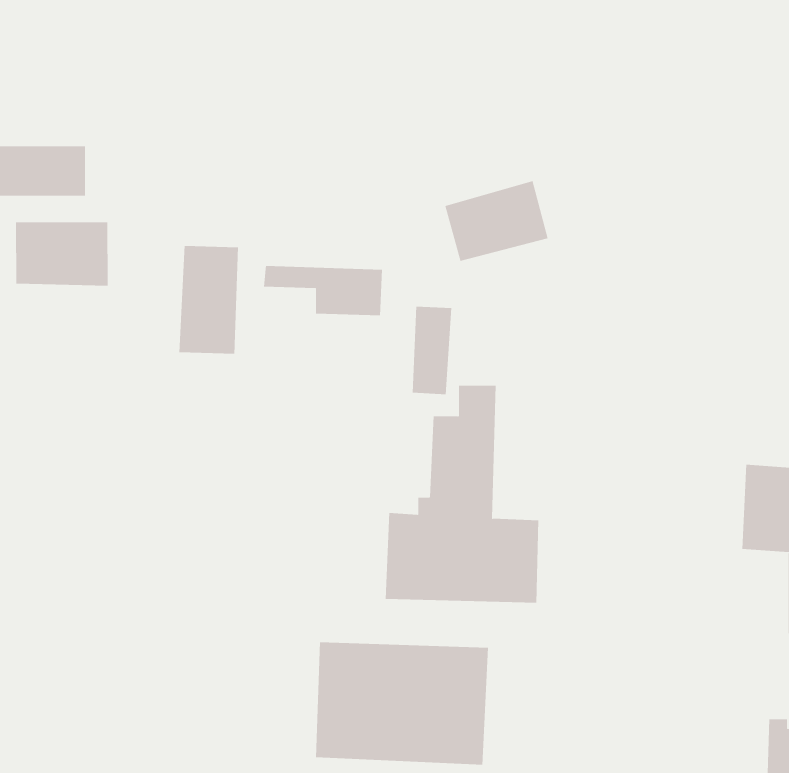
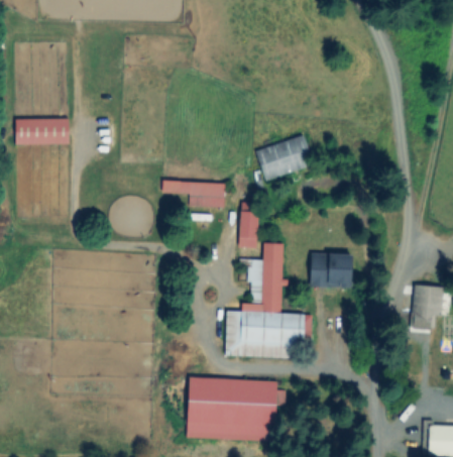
building: [15,221,108,286] -> none
building: [179,245,238,354] -> none
building: none -> [311,254,354,289]

